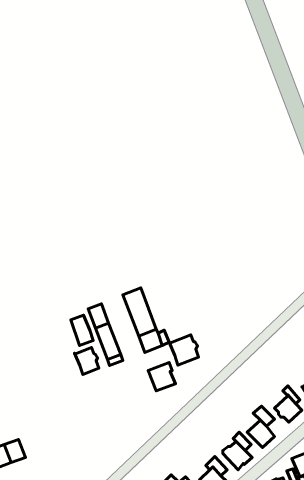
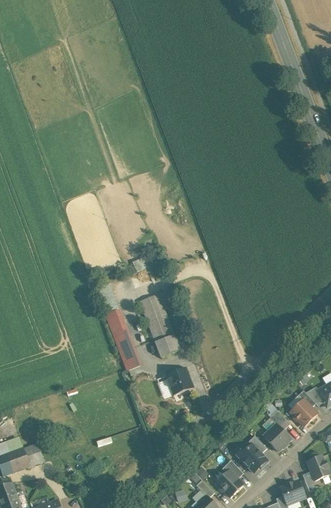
building: [71,315,93,346] -> none
building: [169,335,198,365] -> none
building: [75,347,99,375] -> none

